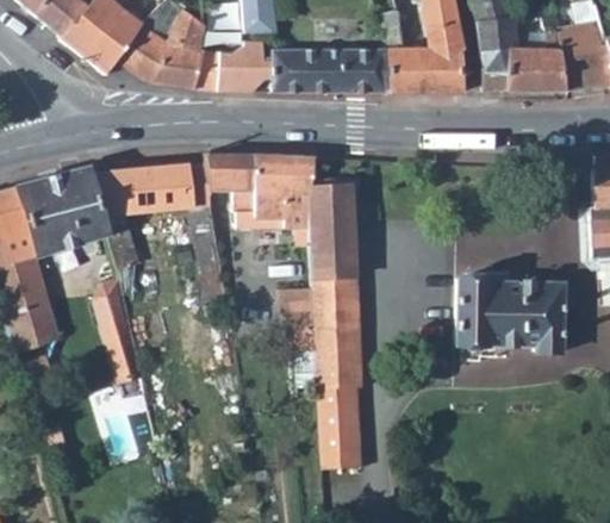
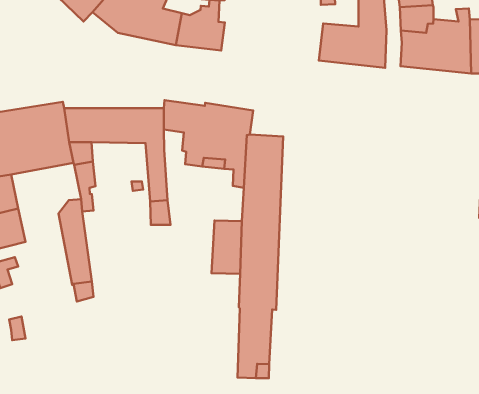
building: [269,48,386,92] -> none
building: [458,276,564,351] -> none

